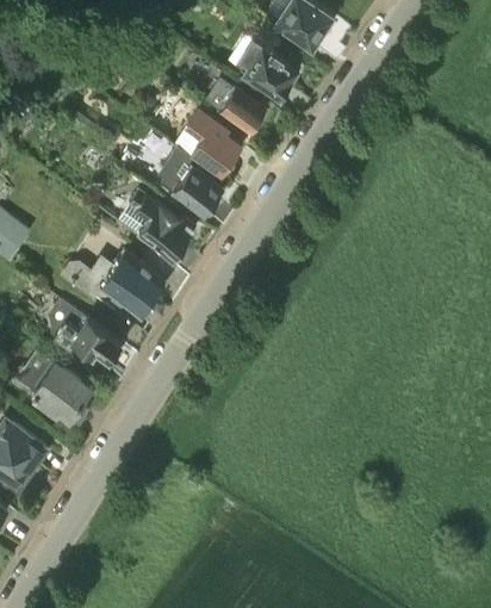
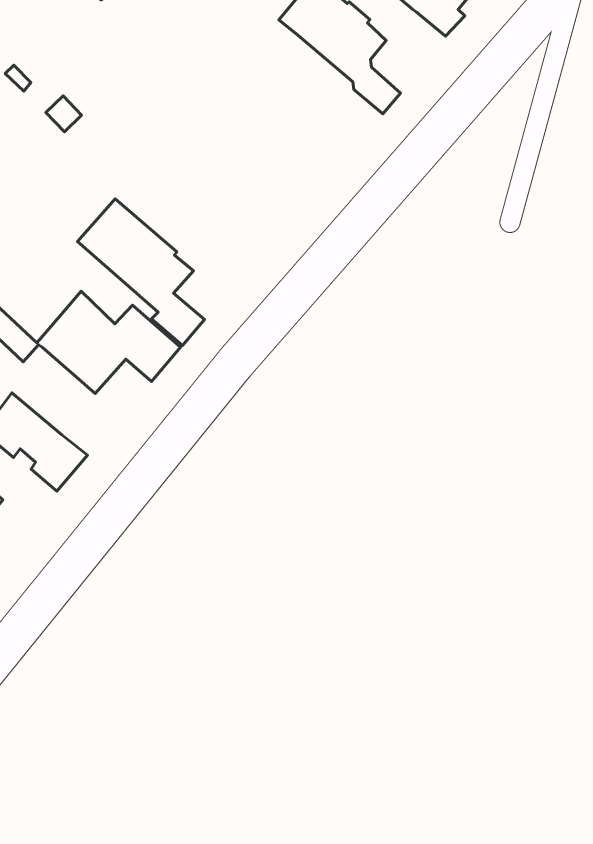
building: [201,77,263,134] -> none
building: [182,107,257,191] -> none
building: [155,148,234,225] -> none

